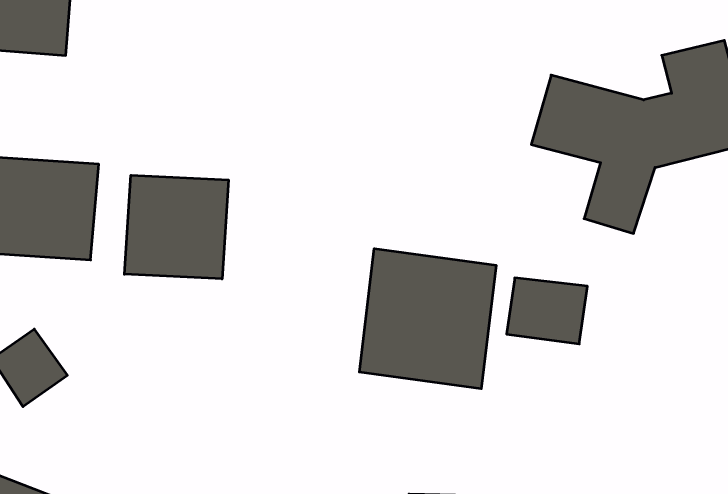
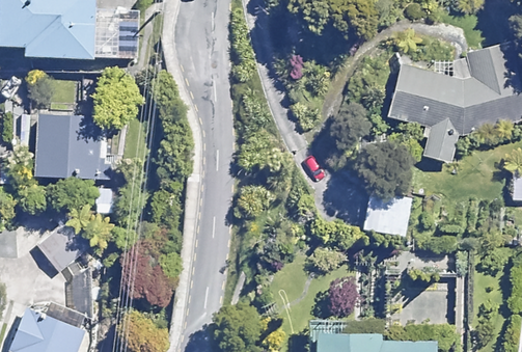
building: [124,175,228,279] -> none
building: [359,249,496,389] -> none

